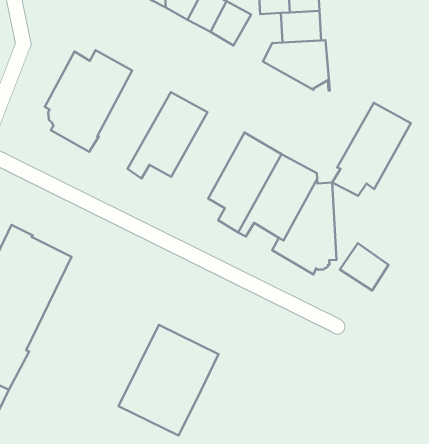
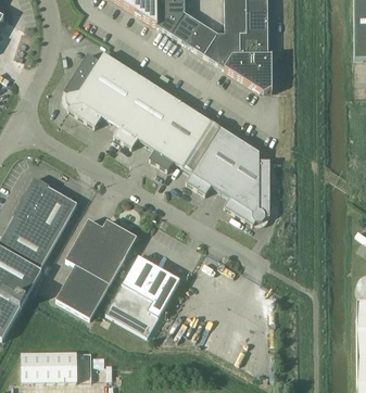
building: none -> [203,31,239,66]
building: none -> [100,67,155,139]
building: [332,103,411,196] -> [148,101,207,168]
building: [340,243,389,291] -> none
building: none -> [55,217,136,317]

